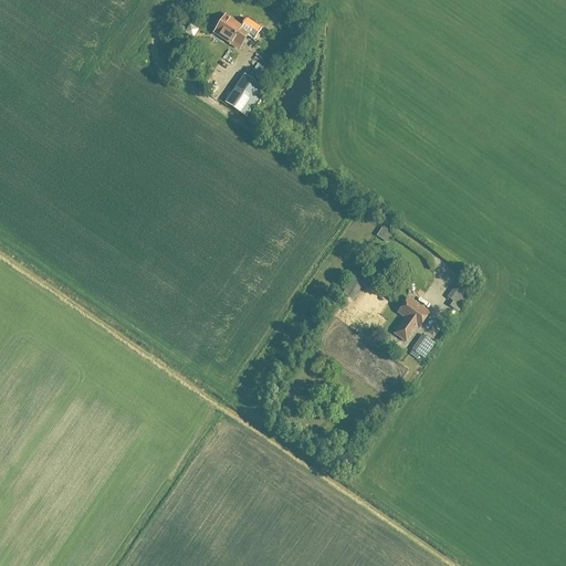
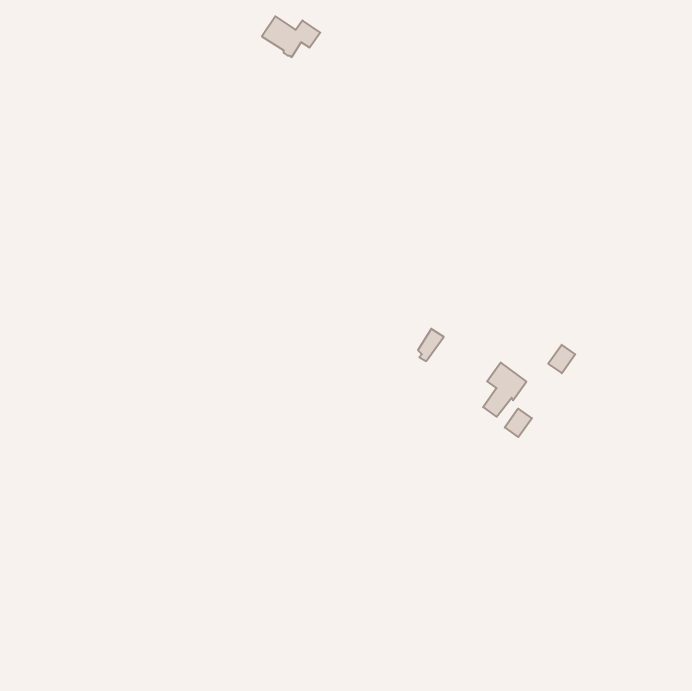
building: [223,71,265,115] -> none

